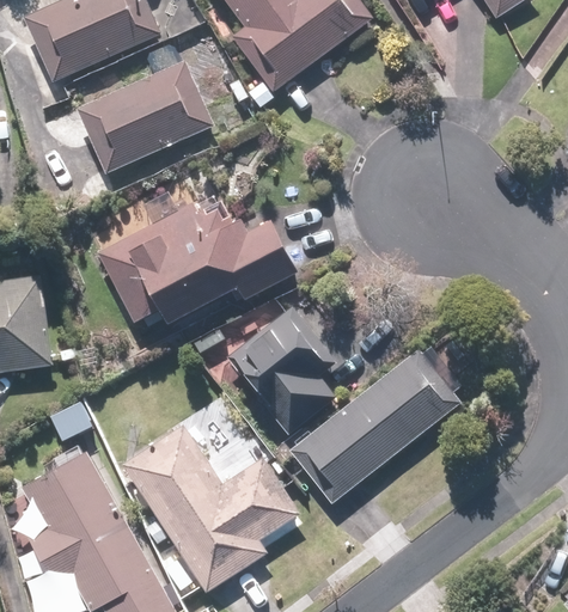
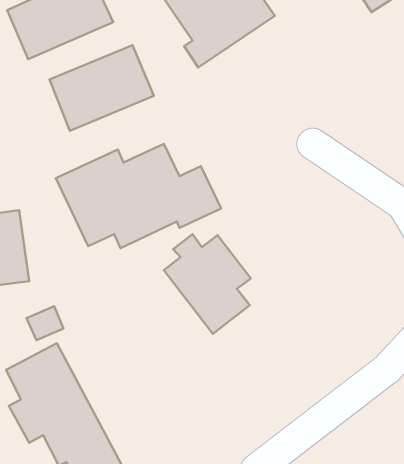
building: [287,348,459,504] -> none
building: [120,400,300,592] -> none

